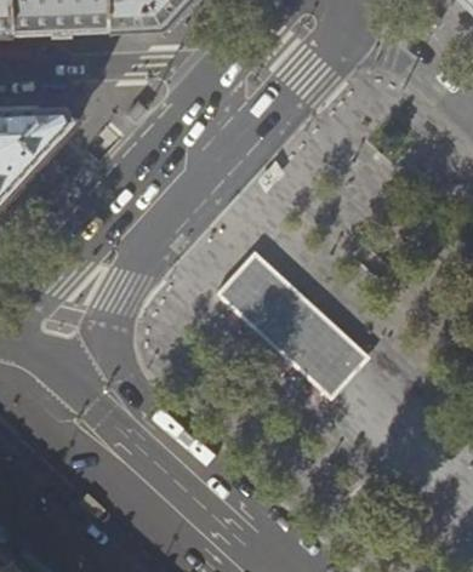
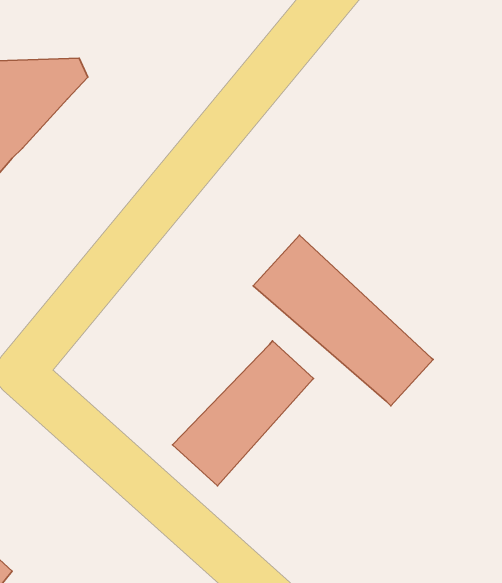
building: none -> [172,341,313,486]

